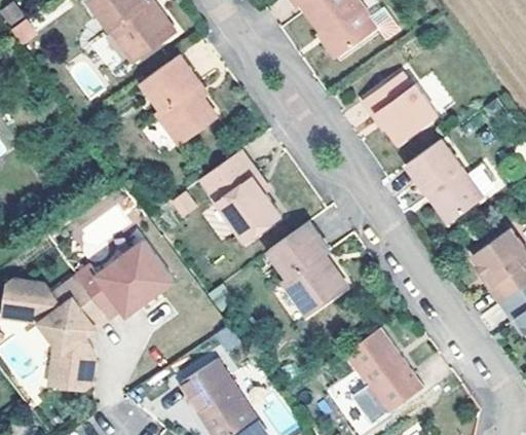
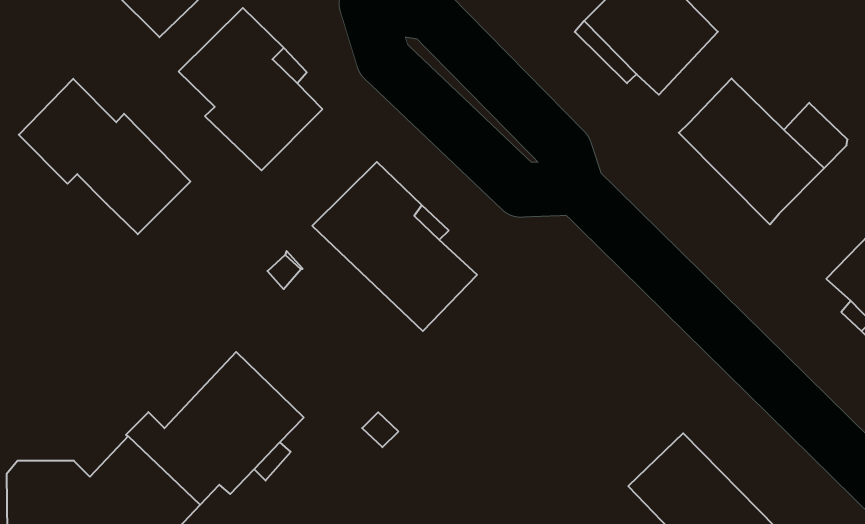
building: none -> [19,79,190,234]
building: [272,221,343,310] -> none

